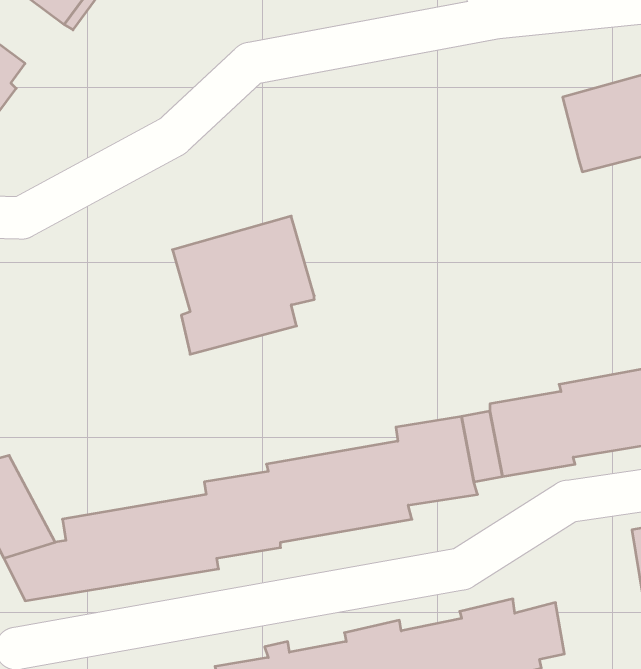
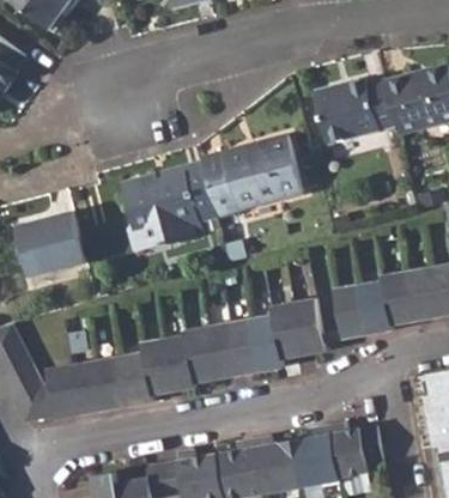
building: none -> [313,77,394,142]
building: none -> [199,135,303,217]
building: none -> [13,209,83,274]

